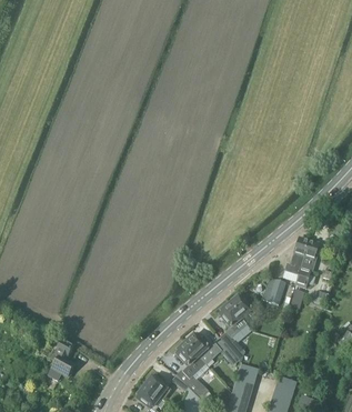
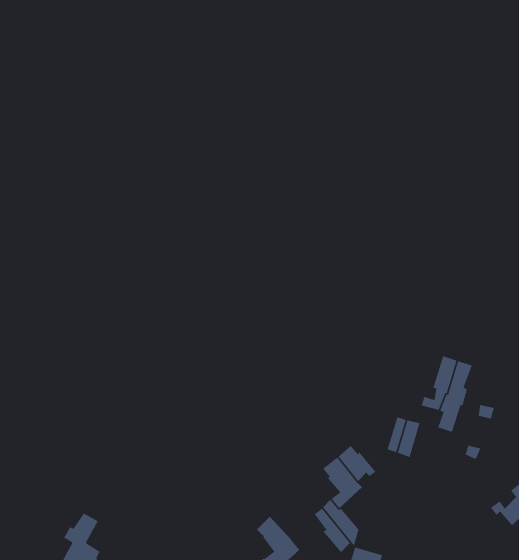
building: [185,333,221,364] -> none

